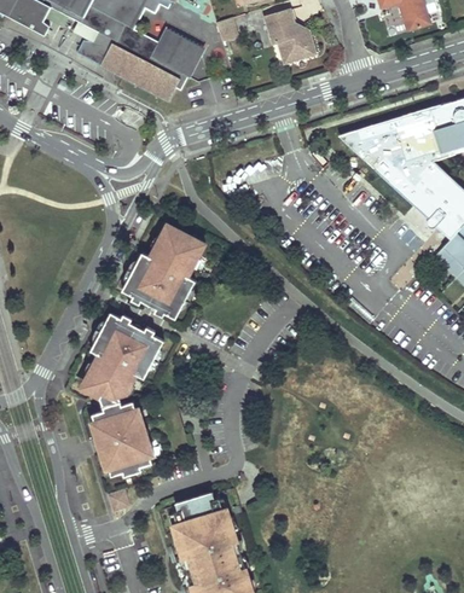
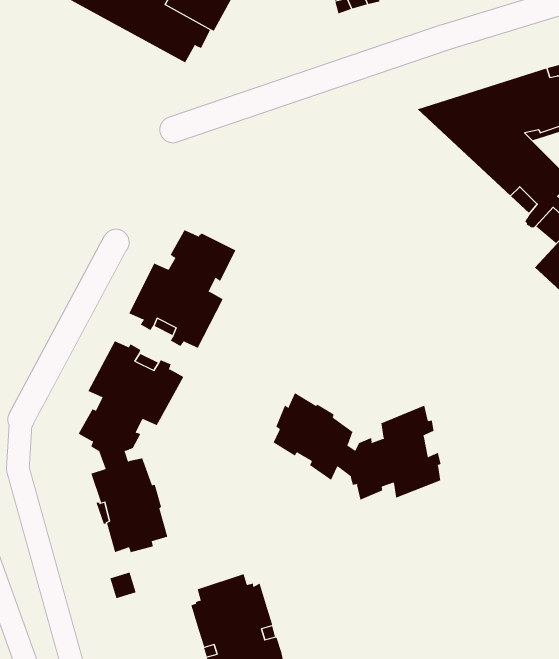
building: none -> [273,392,441,500]

